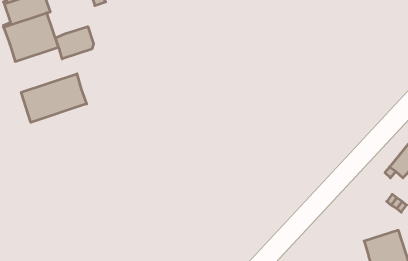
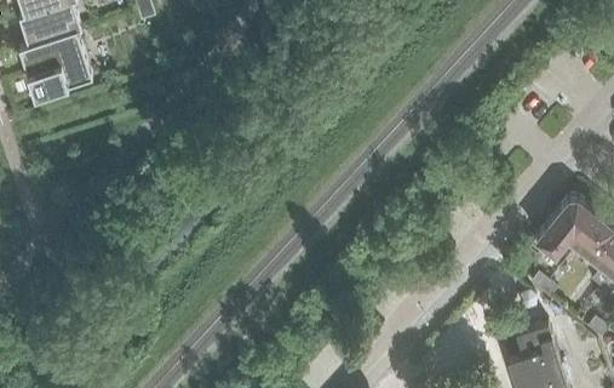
building: [55,27,94,59] -> none
building: [21,74,87,122] -> none

